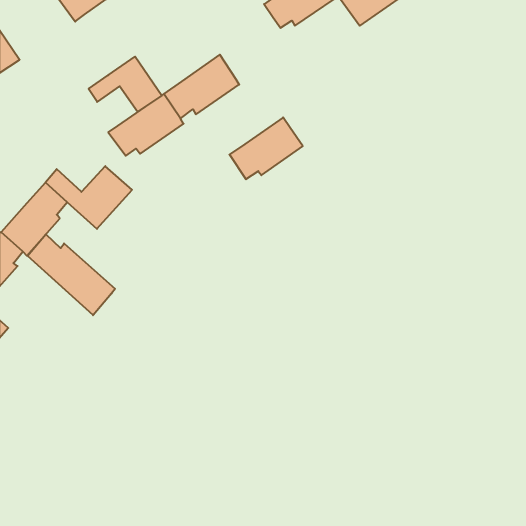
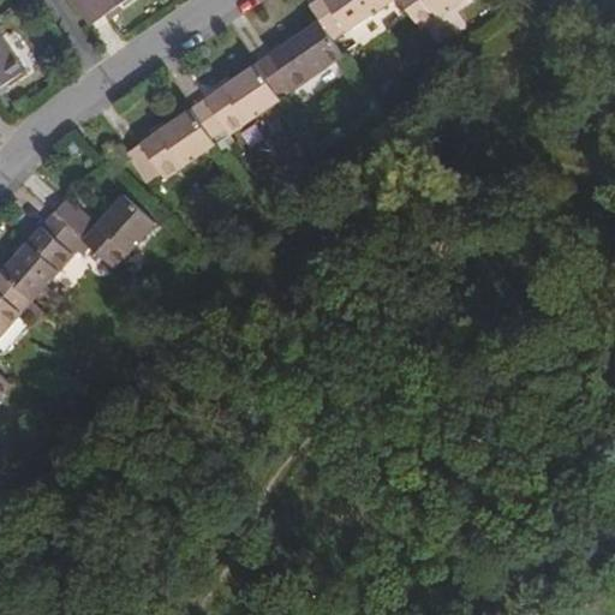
building: [89,57,162,112] -> none
building: [229,117,303,179] -> [256,20,341,92]
building: [28,234,115,315] -> none

